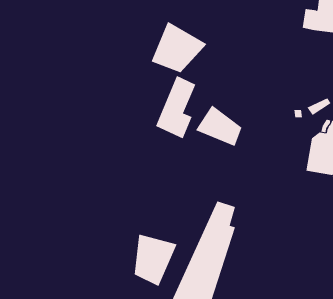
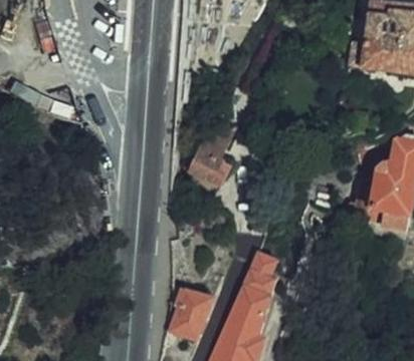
building: [151,21,207,73] -> none
building: [195,105,242,147] -> none

